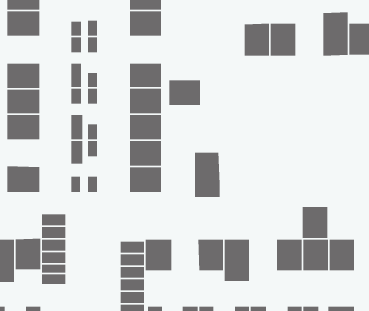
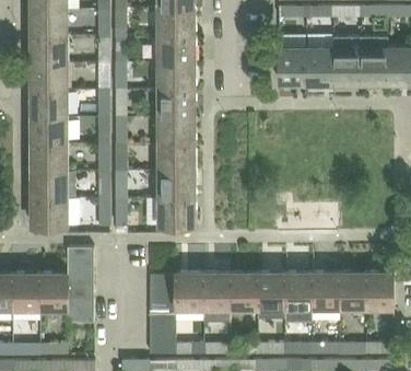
building: none -> [332,37,360,83]
building: none -> [31,62,66,90]
building: [168,80,201,106] -> [158,62,192,90]
building: none -> [31,171,66,198]
building: [194,152,220,198] -> [203,274,231,322]
building: [302,206,328,239] -> [284,274,312,308]

